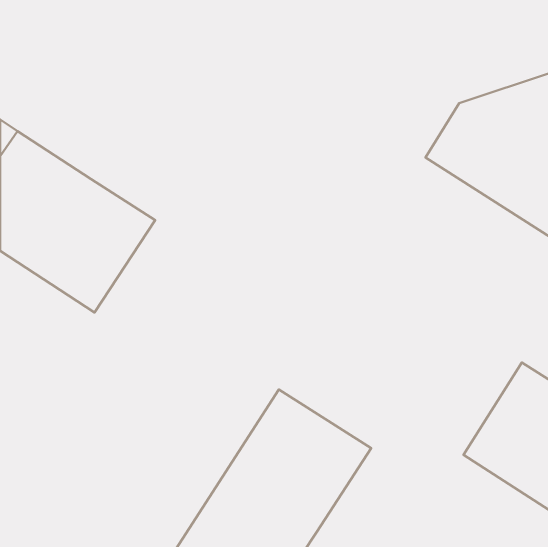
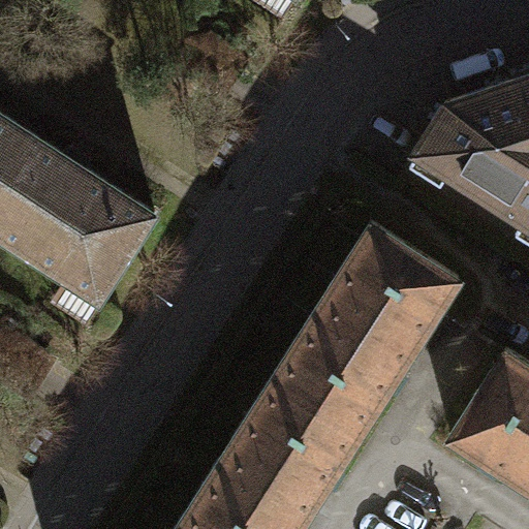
building: none -> [272,225,457,434]

